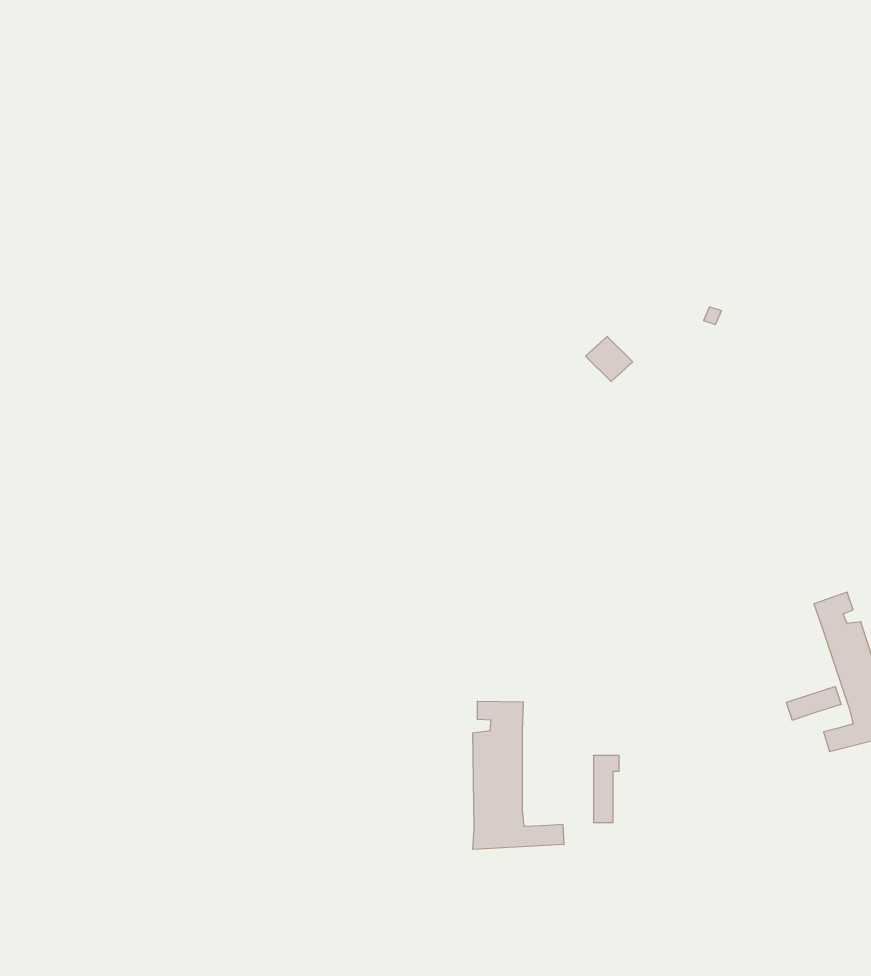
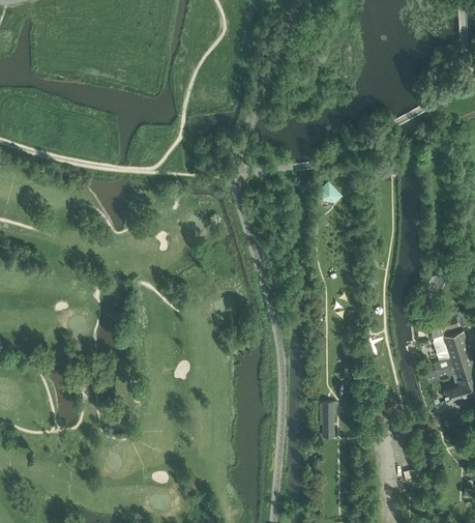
building: [473,701,564,849] -> none

